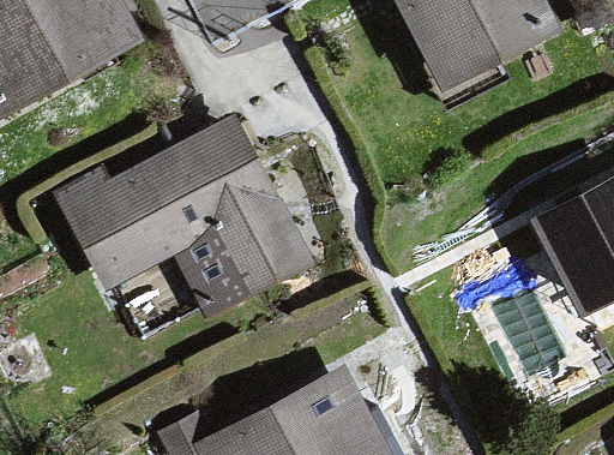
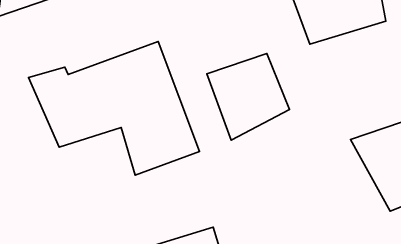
building: none -> [207,54,290,140]

